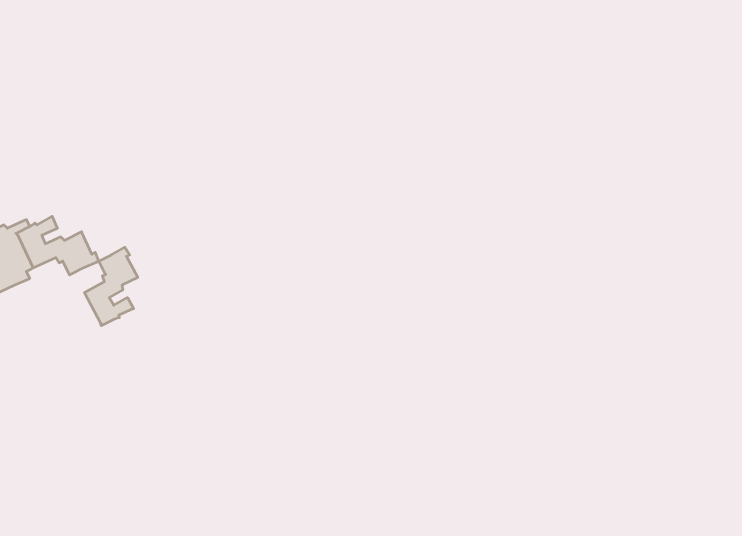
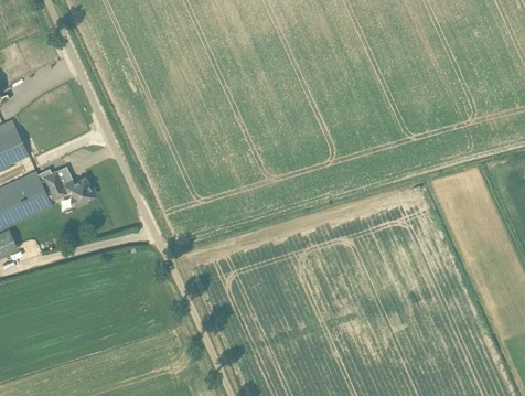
building: [85,247,138,326] -> none

